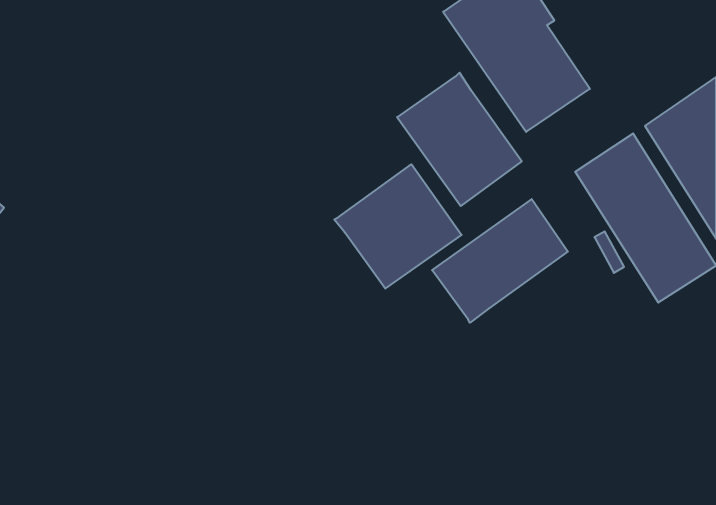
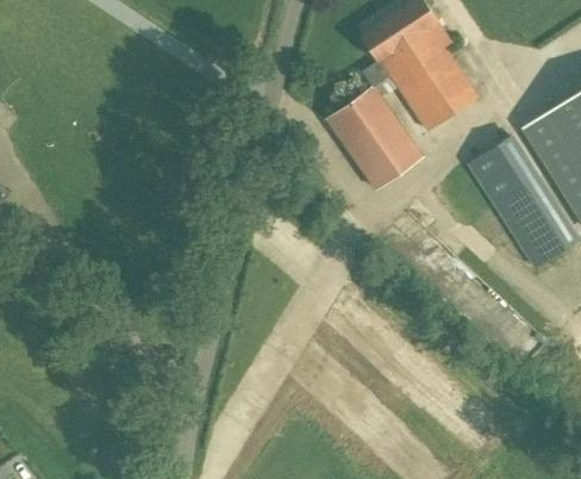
building: [334,164,462,289] -> none
building: [432,199,568,323] -> none

